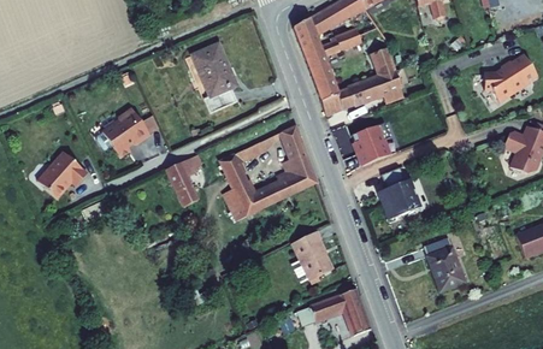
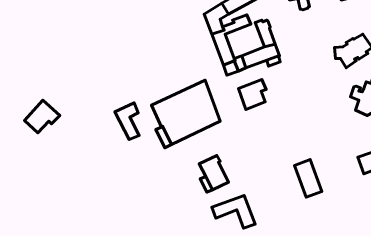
building: [190,46,235,116] -> none
building: [101,108,148,156] -> none
building: [377,166,420,221] -> none

